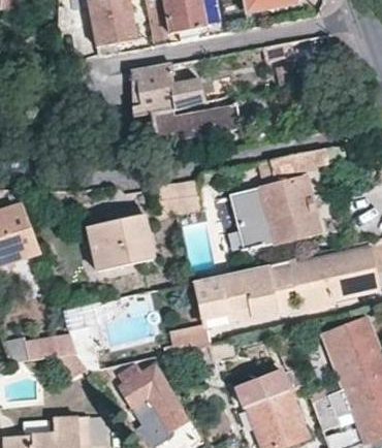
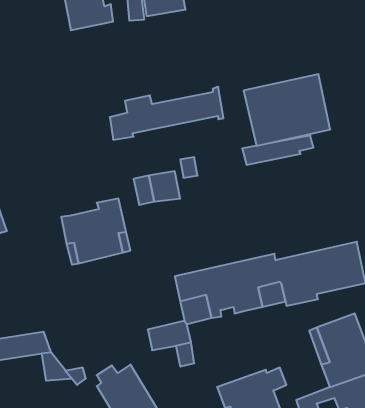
building: [131,62,203,117] -> none
building: [236,175,319,244] -> [244,74,330,146]

